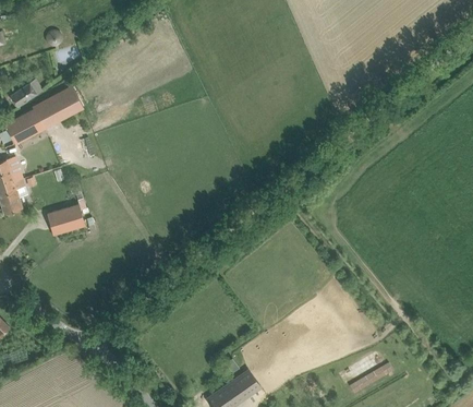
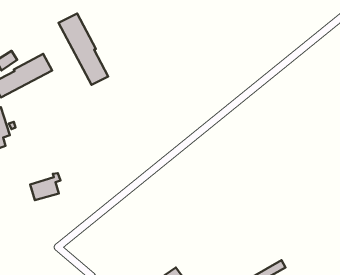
building: none -> [59,14,108,85]
building: [47,199,87,235] -> [30,173,60,200]

